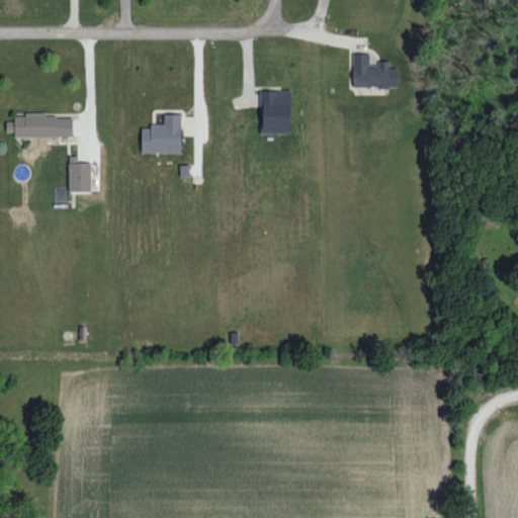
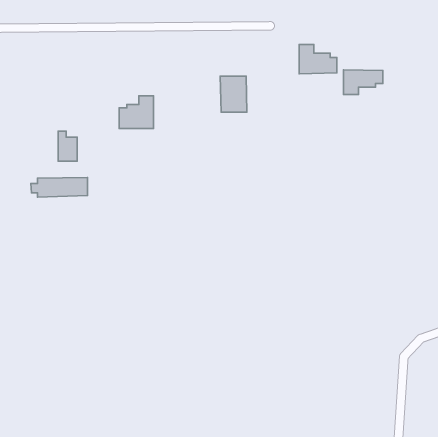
building: none -> [343,70,383,94]
building: [6,114,73,138] -> [31,177,87,197]

